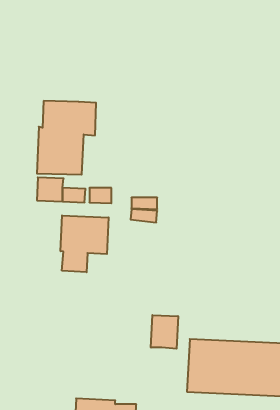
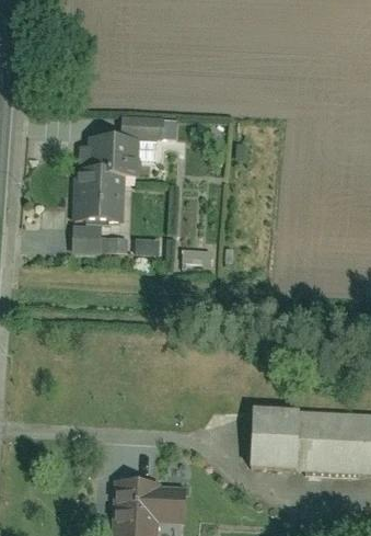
building: none -> [121,114,164,139]
building: [61,215,109,272] -> none
building: [151,315,178,349] -> none

